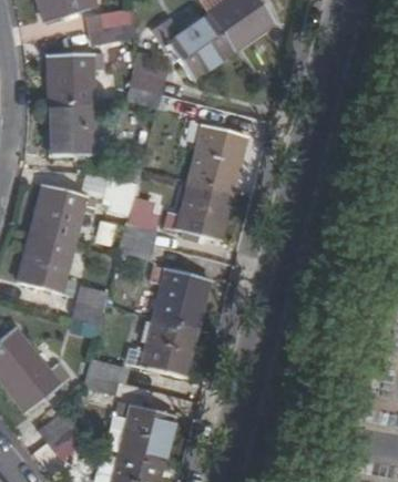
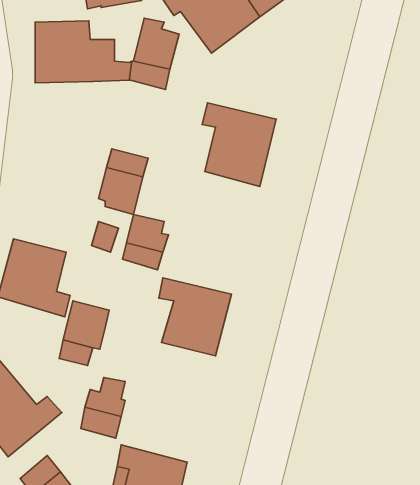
building: [49,103,108,155] -> none
building: [164,177,234,240] -> none
building: [31,183,99,244] -> none
building: [131,318,197,377] -> none

